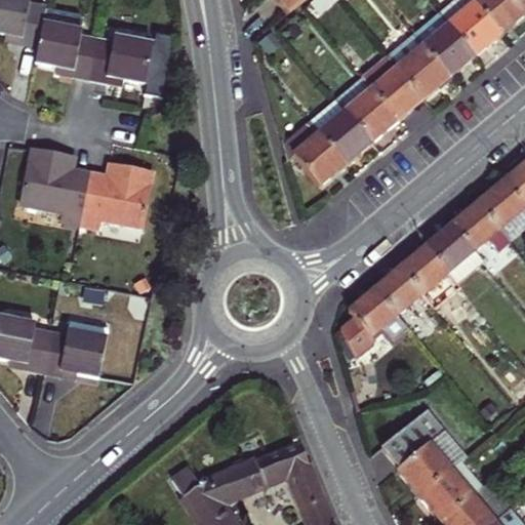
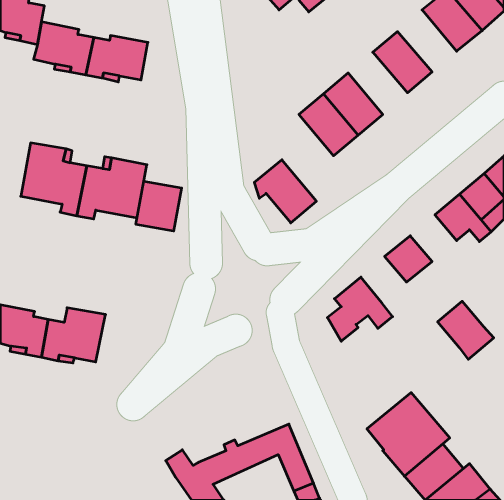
building: [413,10,475,75] -> none
building: [362,54,423,119] -> none
building: [282,119,347,185] -> [254,160,316,223]
building: none -> [136,181,182,231]
building: [427,224,485,284] -> [438,301,494,359]
building: [375,267,422,315] -> none

